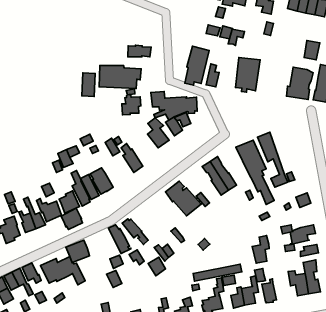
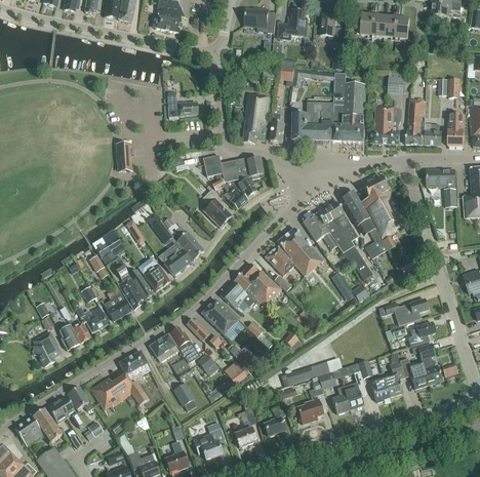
building: none -> [332,72,365,151]
building: none -> [292,113,307,141]
building: [99,65,141,88] -> none
building: [122,94,141,115] -> none
building: none -> [362,176,405,237]
building: none -> [304,213,336,248]
building: none -> [158,247,191,275]
building: none -> [266,246,294,275]
building: none -> [221,281,254,309]
building: none -> [202,300,238,334]
building: [61,208,83,230] -> [150,333,177,361]
building: [252,236,269,263] -> [382,361,403,397]

